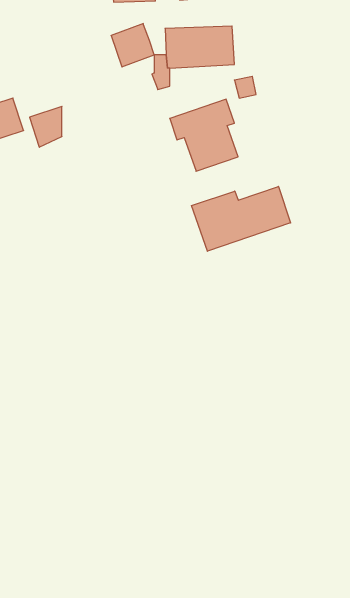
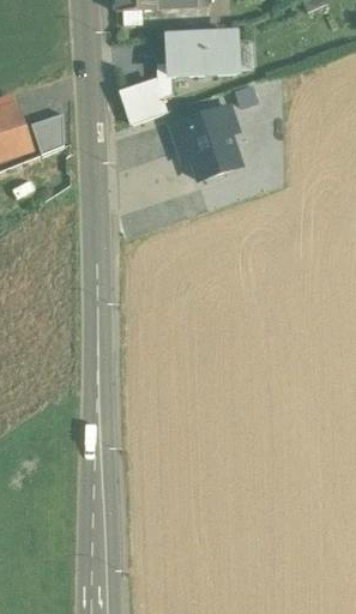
building: [111,24,154,67] -> [121,79,164,122]
building: [192,186,291,251] -> none

